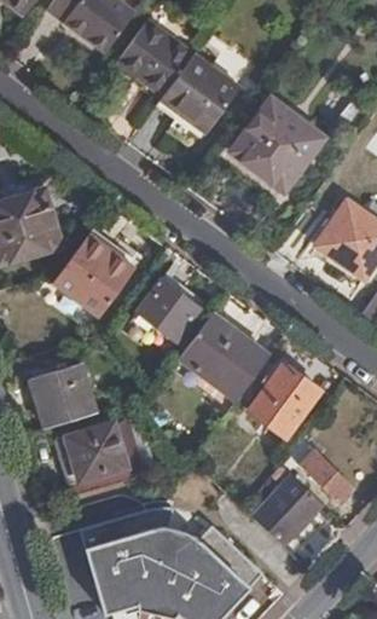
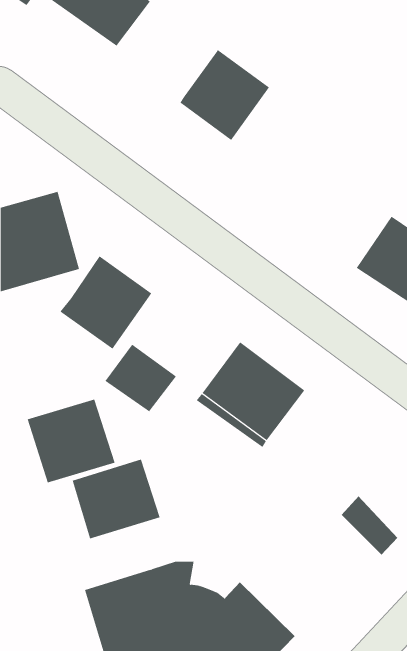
building: [116,21,192,94] -> none
building: [231,98,324,189] -> none
building: [138,279,202,340] -> [105,344,177,412]
building: [250,363,321,436] -> none
building: [254,475,323,545] -> none

